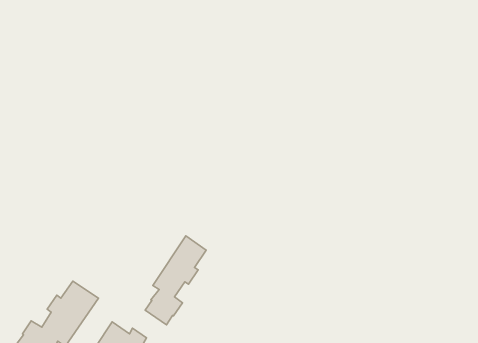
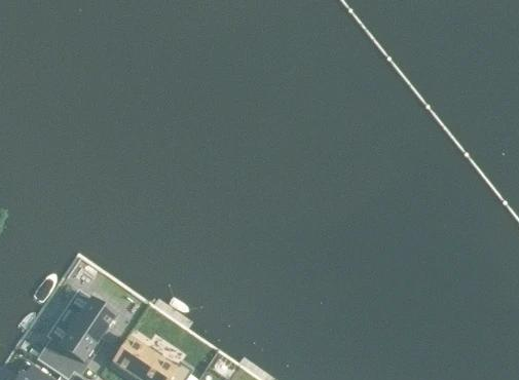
building: [145,236,206,325] -> none

